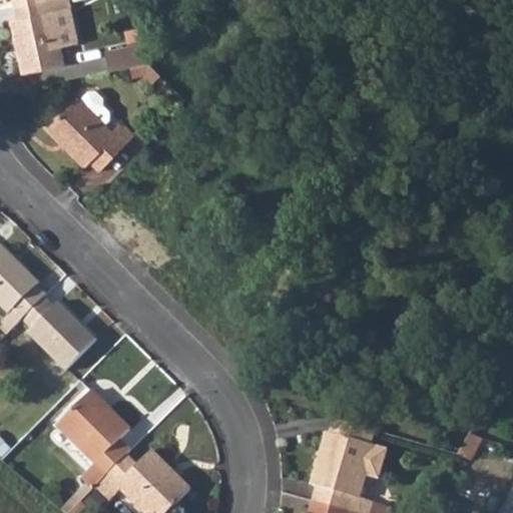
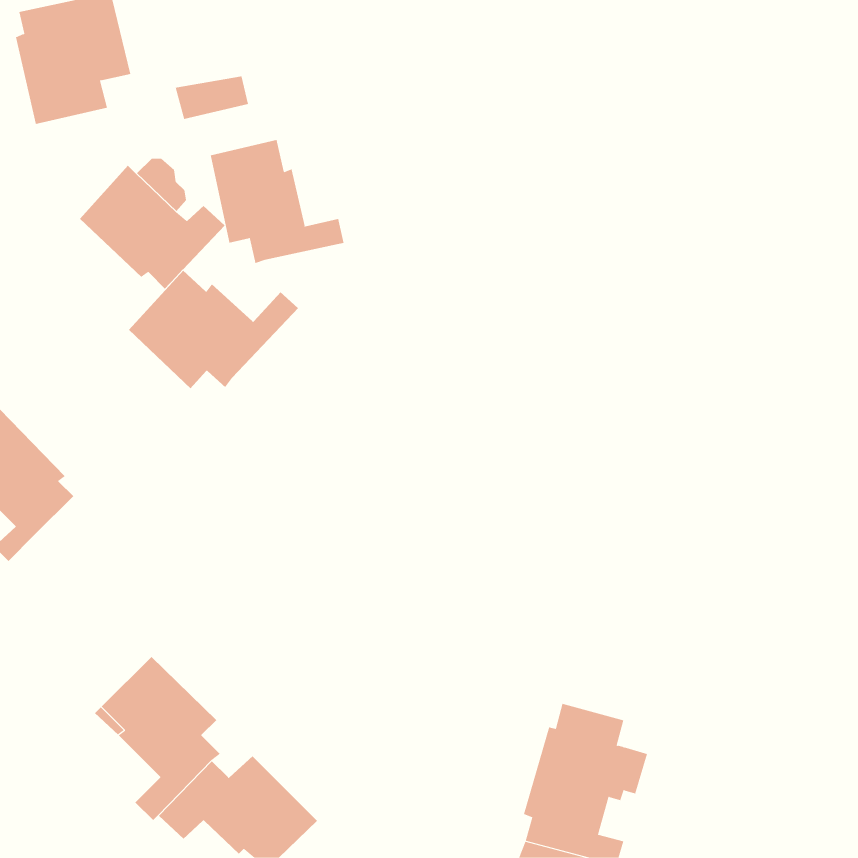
building: none -> [210,139,344,264]
building: none -> [128,270,299,389]
building: [21,296,96,371] -> none

